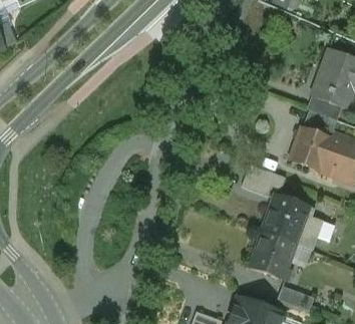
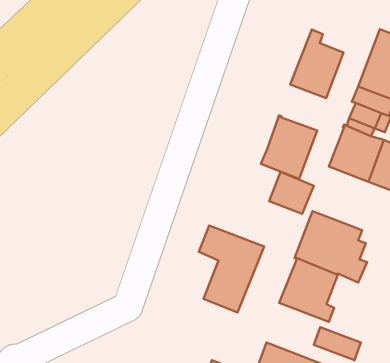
building: none -> [290,29,343,98]
building: none -> [261,115,317,179]
building: none -> [199,225,264,312]

